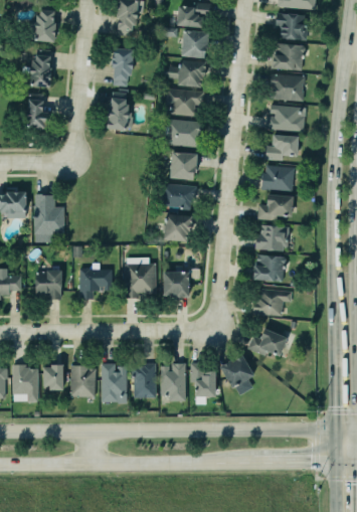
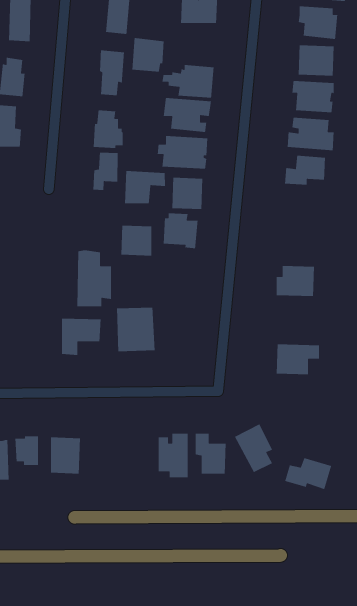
building: [181,29,208,58] -> [131,37,165,73]
building: none -> [92,152,119,191]
building: none -> [124,170,166,204]
building: [263,166,295,191] -> none
building: [35,194,64,241] -> [76,250,112,307]
building: [258,195,294,220] -> none
building: [165,215,191,241] -> [120,225,152,257]
building: [251,254,286,282] -> none
building: [35,271,61,300] -> none
building: [164,272,190,297] -> none
building: [248,330,288,357] -> [284,457,332,490]
building: [101,361,125,400] -> none
building: [134,364,157,398] -> none

